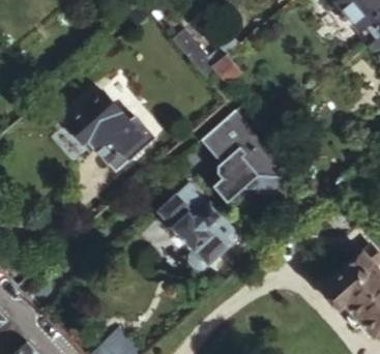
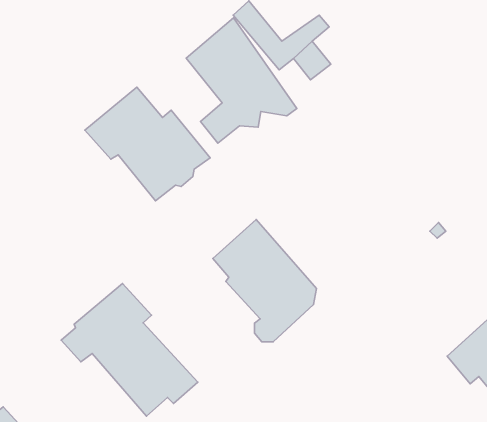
building: [202,113,282,203] -> [186,18,297,143]
building: none -> [61,283,198,416]

